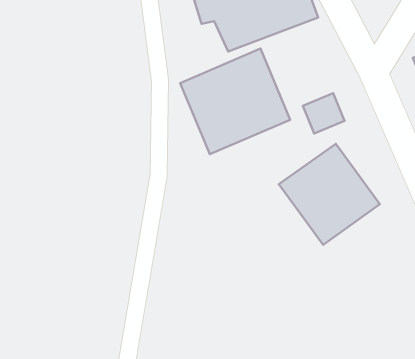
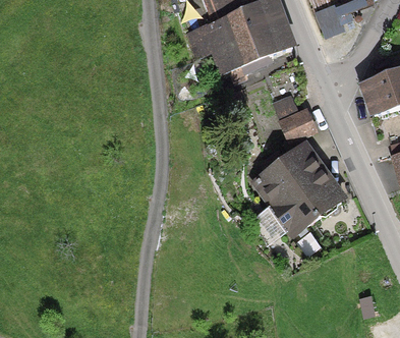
building: [180,49,290,154] -> none

